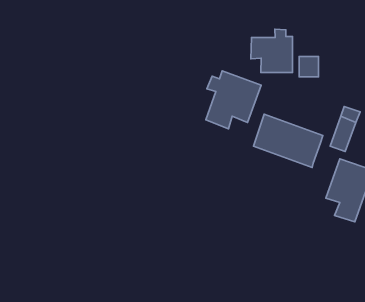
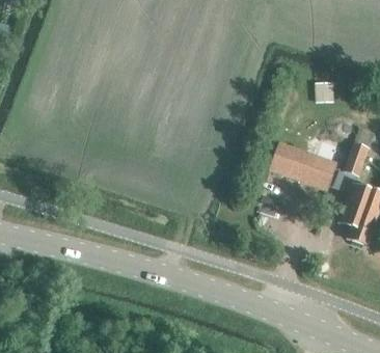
building: [251,29,293,73] -> none
building: [206,71,261,129] -> none

